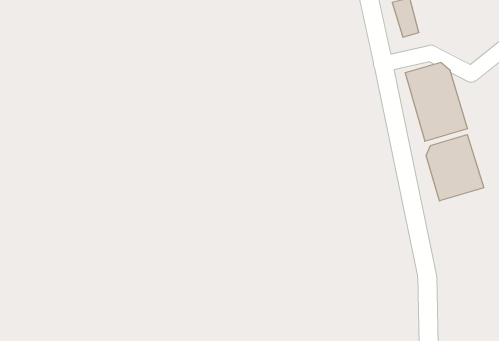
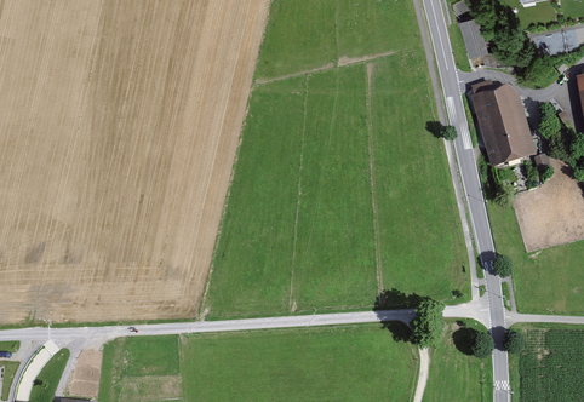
building: [426,135,484,201] -> none

